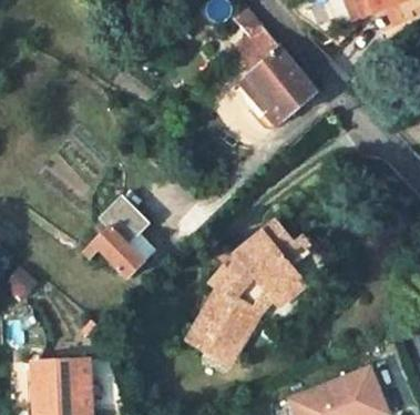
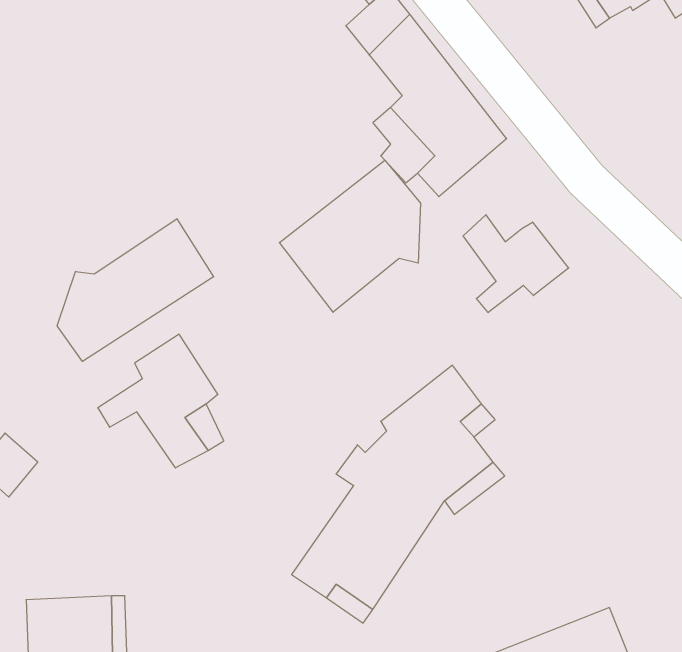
building: none -> [279,160,421,312]
building: none -> [463,215,569,313]
building: none -> [57,219,214,361]

